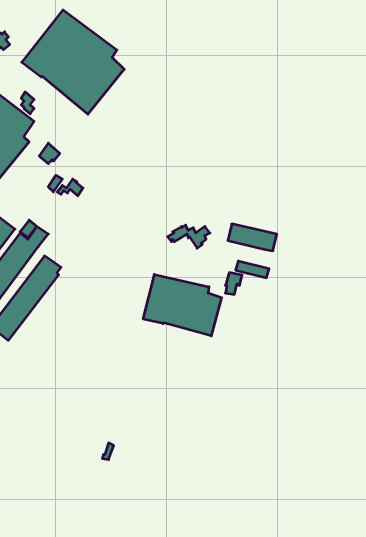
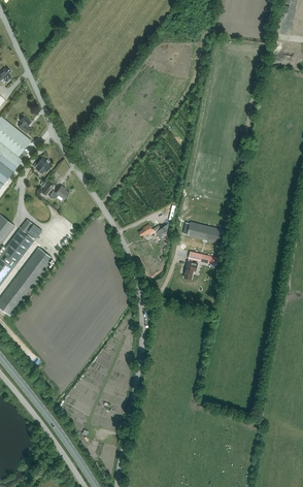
building: [22,10,124,114] -> none
building: [143,274,222,336] -> none

